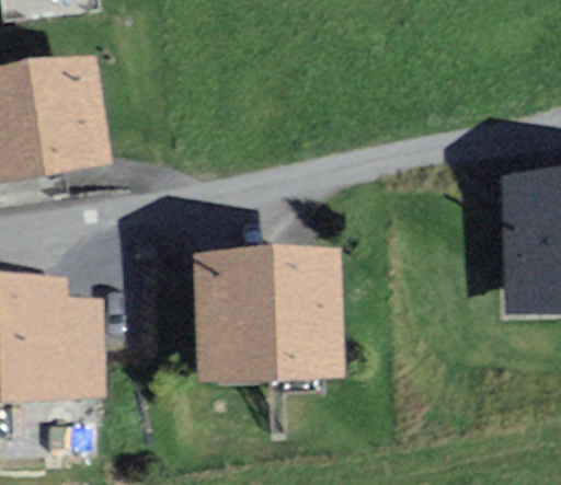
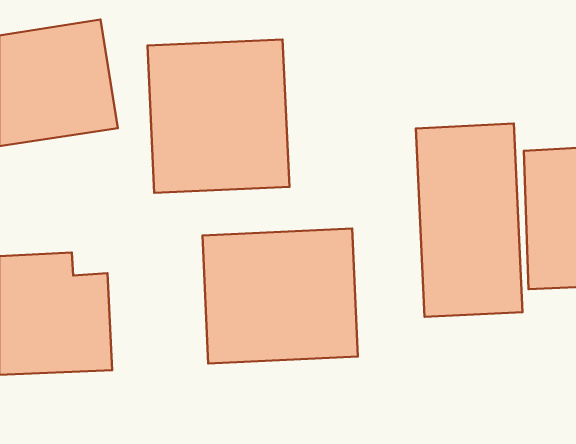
building: none -> [147,39,289,193]
building: none -> [416,124,523,317]

